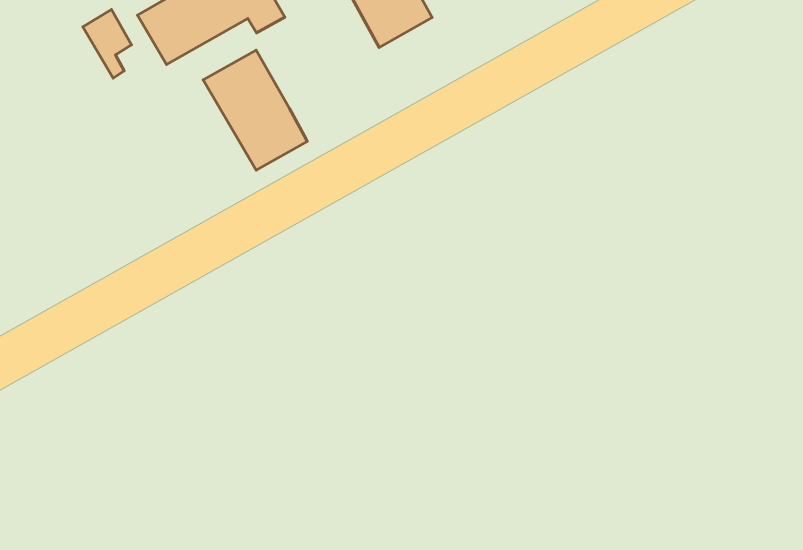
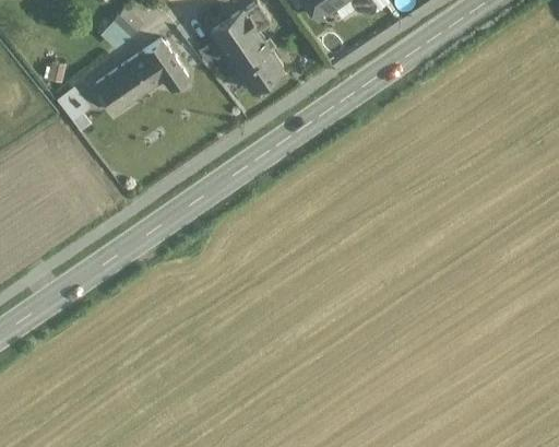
building: [203,50,307,170] -> none

